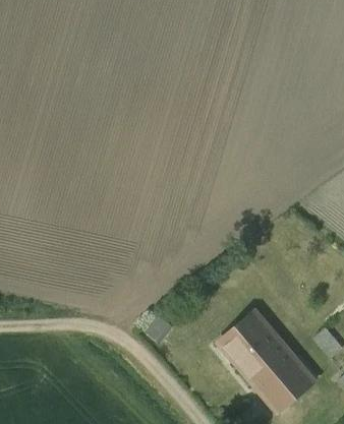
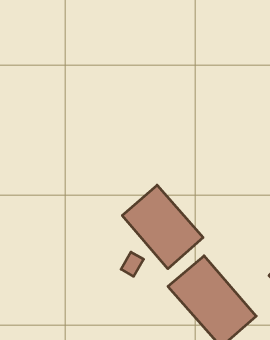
building: none -> [122,185,203,269]

